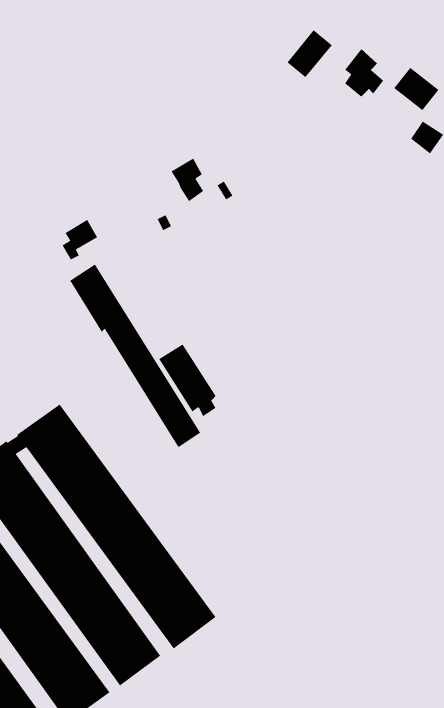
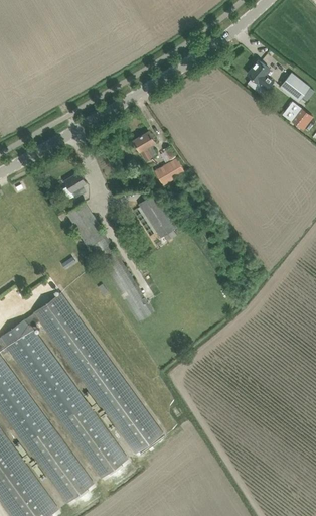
building: [286,29,333,78] -> none
building: none -> [154,159,184,186]
building: [158,343,217,417] -> [137,194,175,242]

